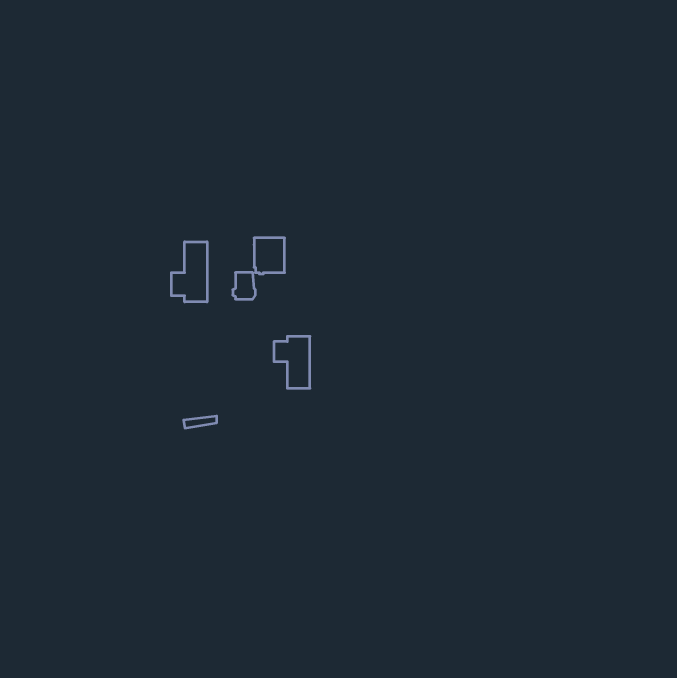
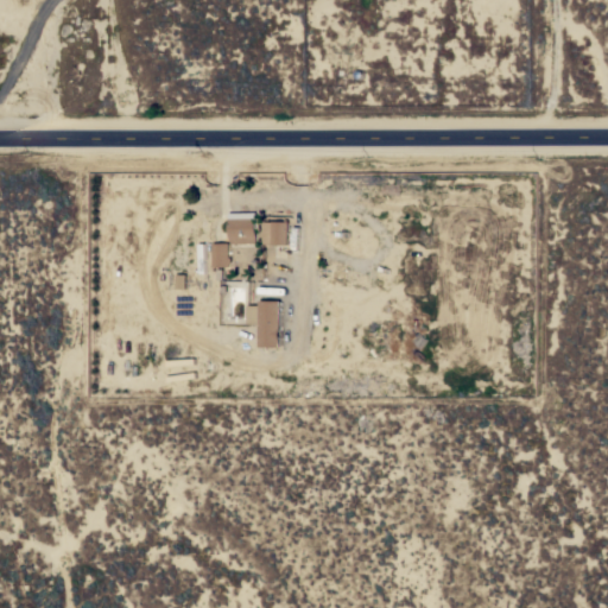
building: [171,242,207,302] -> none
building: none -> [259,222,286,246]

